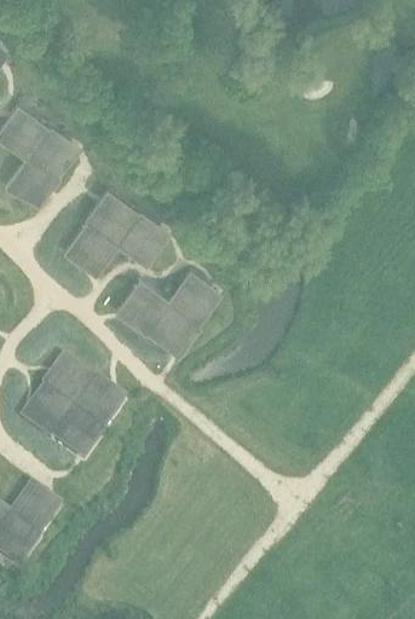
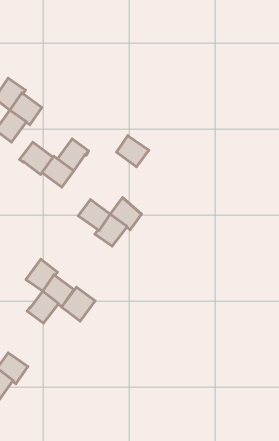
building: none -> [20,142,53,175]
building: [117,218,162,261] -> [117,136,149,167]
building: [29,388,74,432] -> none
building: none -> [61,287,95,321]

